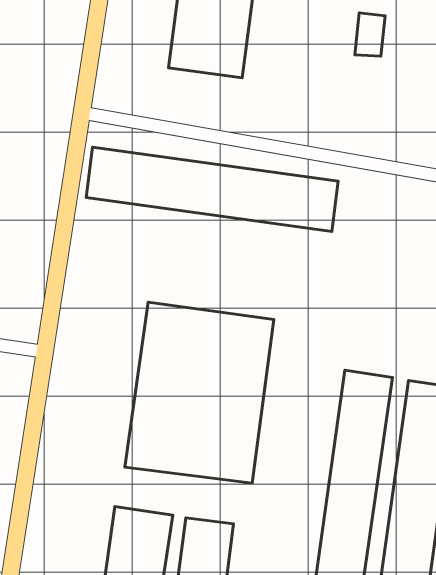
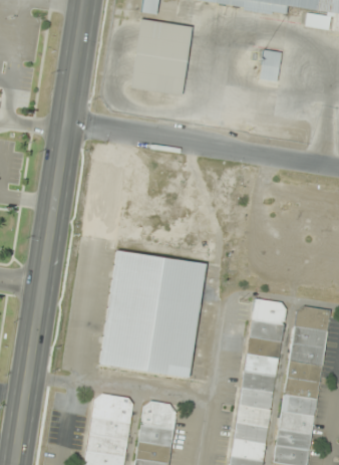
building: [86,147,338,231] -> none

